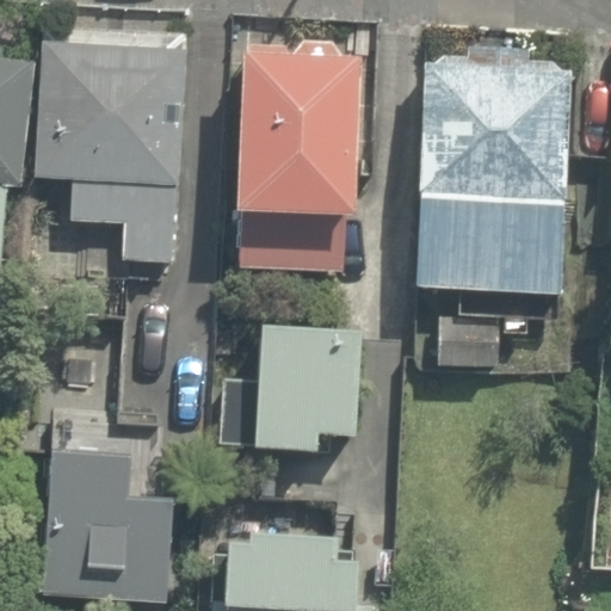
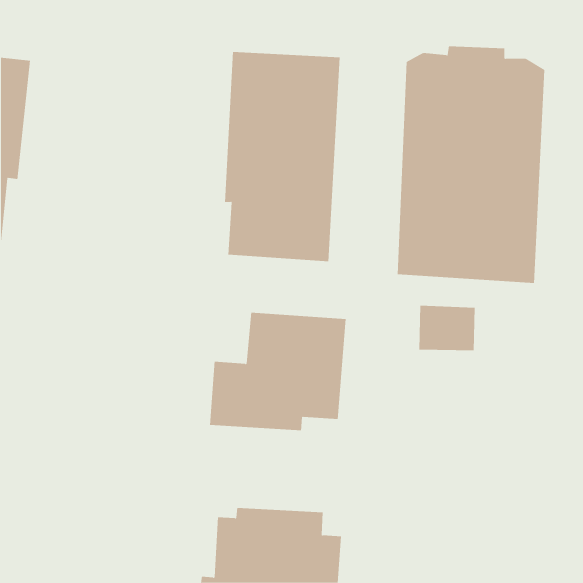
building: [39,30,186,264] -> none
building: [42,445,174,603] -> none

